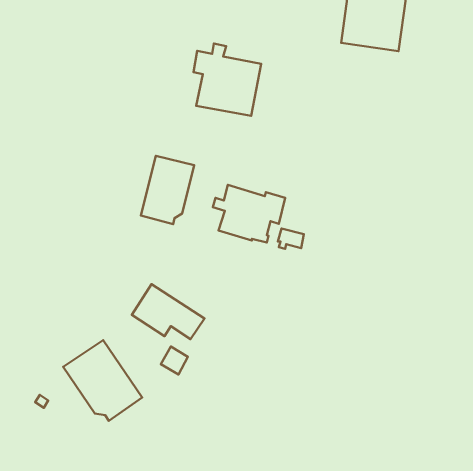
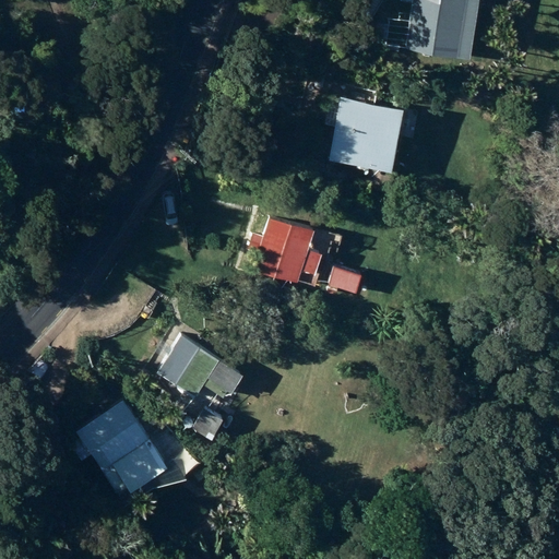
building: [193,43,261,116] -> [324,87,404,173]
building: [141,156,194,224] -> none

